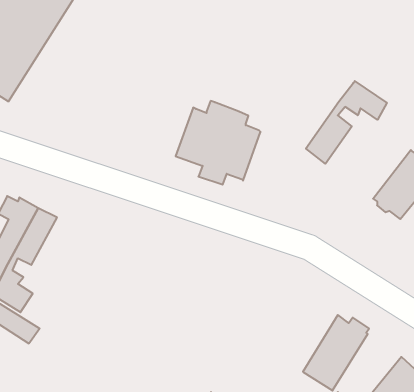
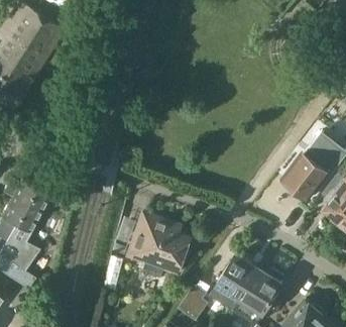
building: [306,81,387,164] -> none
building: [176,101,261,185] -> [127,216,191,279]
building: none -> [210,254,259,311]
building: none -> [178,286,206,320]

